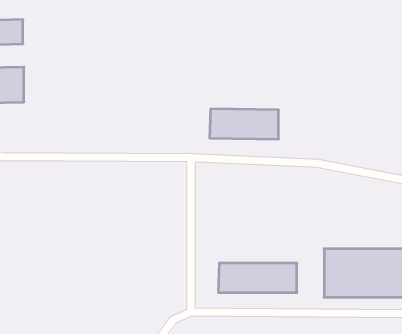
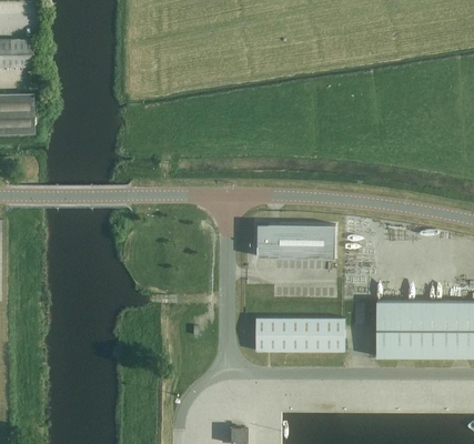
building: [210,109,279,139] -> [255,224,334,259]

